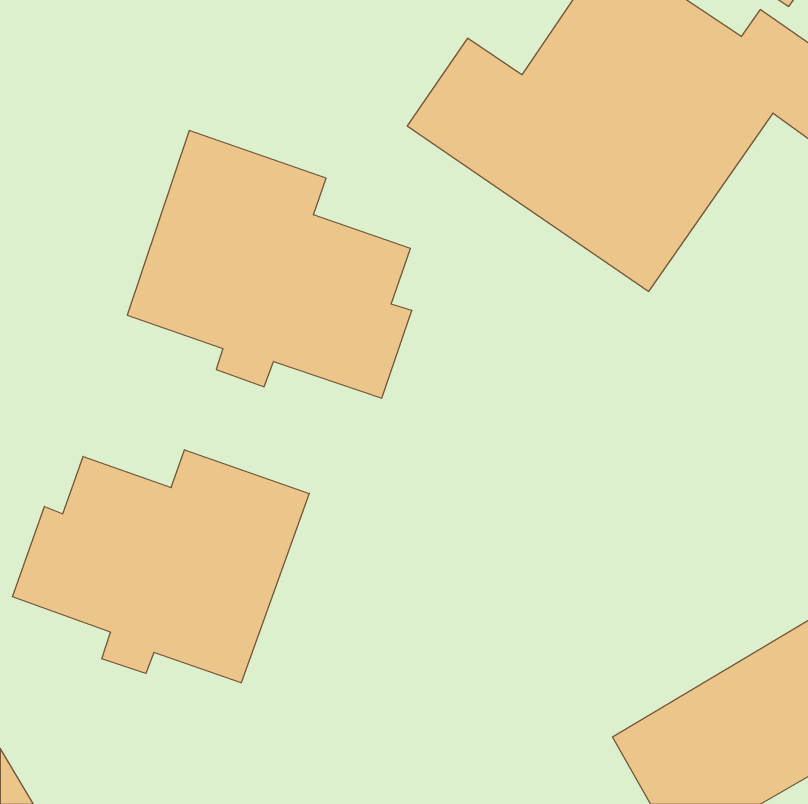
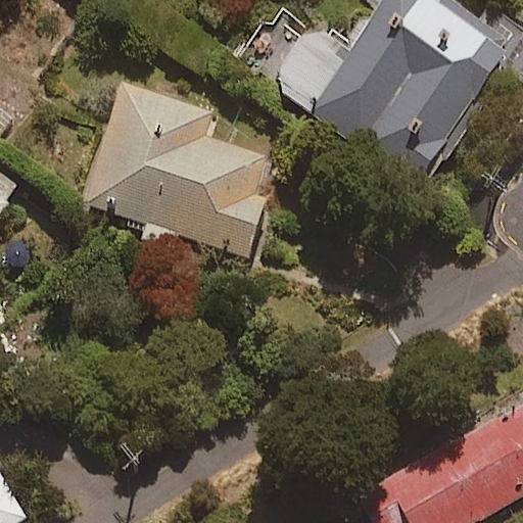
building: [13,450,309,683] -> none

